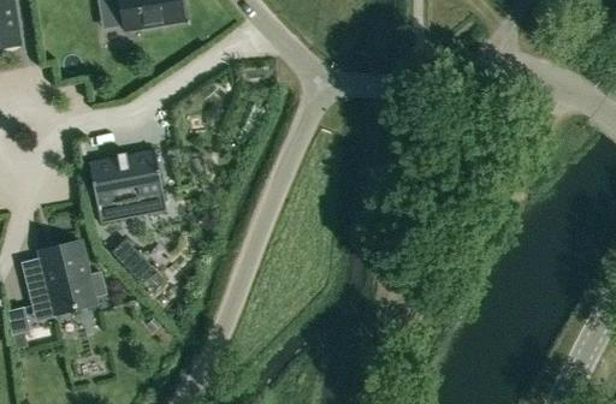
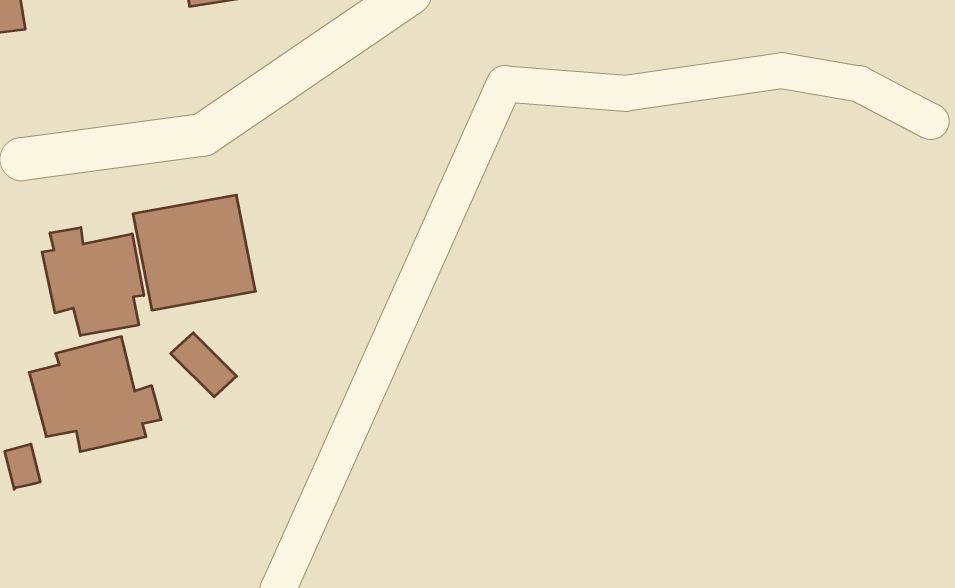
building: none -> [42,227,144,336]

